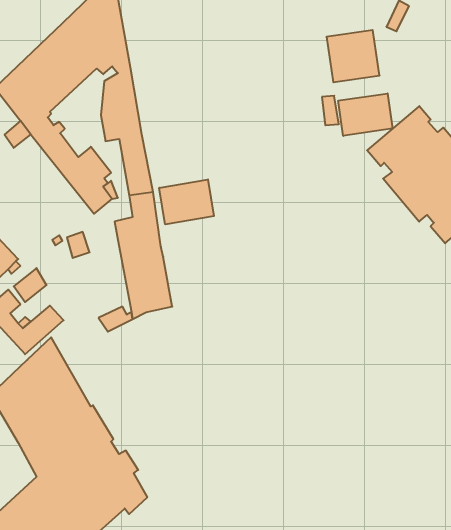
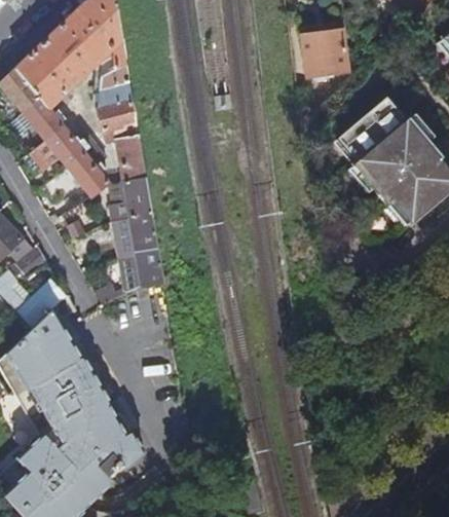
building: [338,93,393,136] -> none
building: [159,179,214,224] -> none

